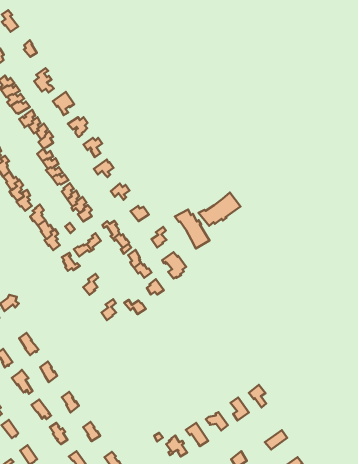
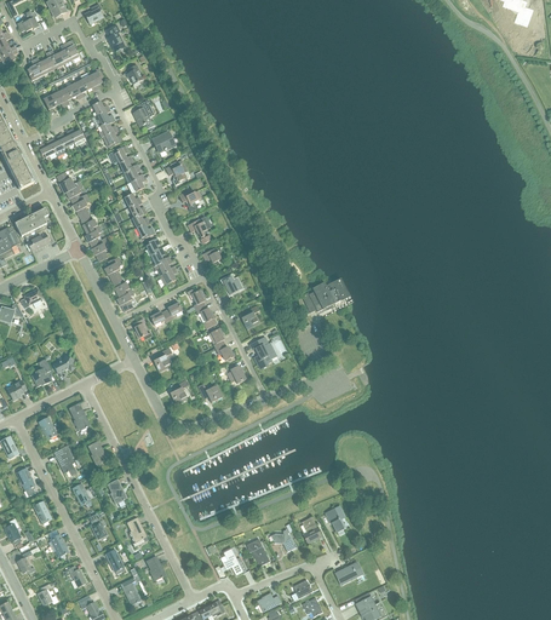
building: [175,210,210,248] -> none

